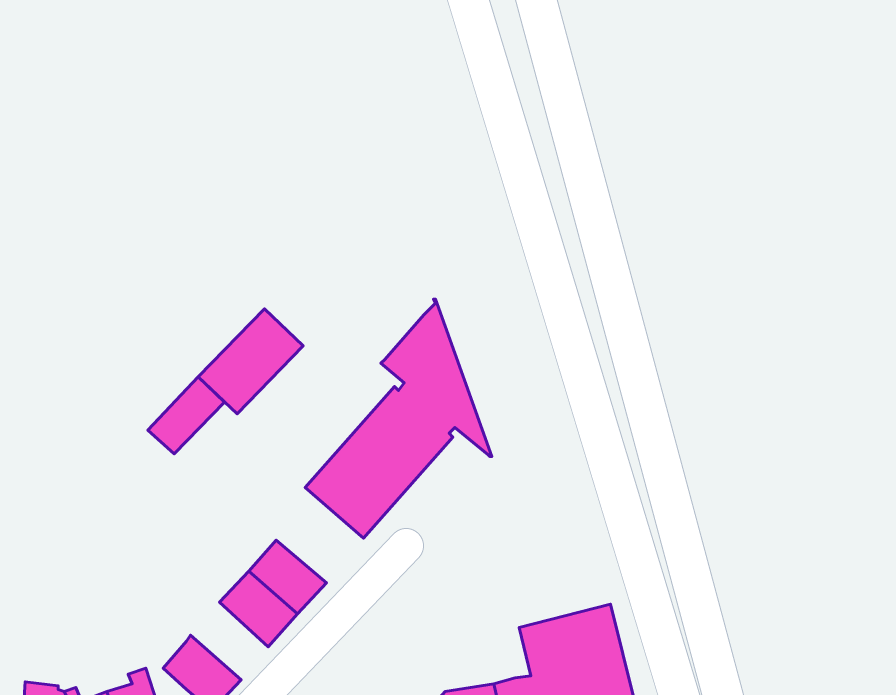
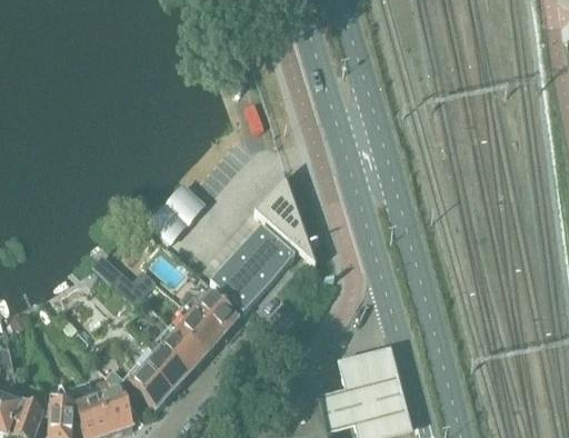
building: [148,377,224,454] -> none
building: none -> [192,295,237,338]
building: none -> [136,342,188,394]

